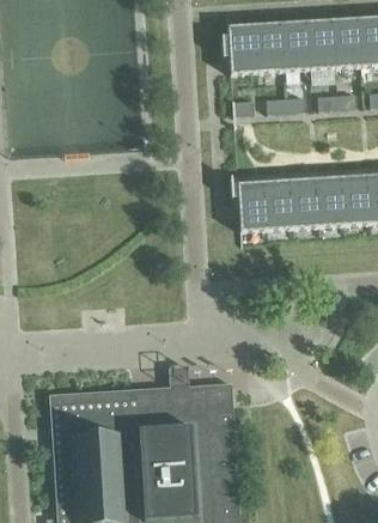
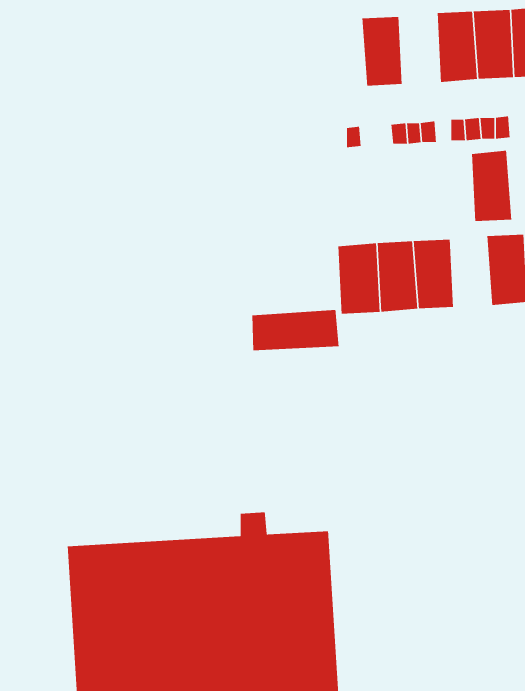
building: [281,20,310,71] -> none
building: [228,24,258,74] -> none
building: [317,176,346,226] -> [471,150,512,222]
building: none -> [252,309,339,351]

